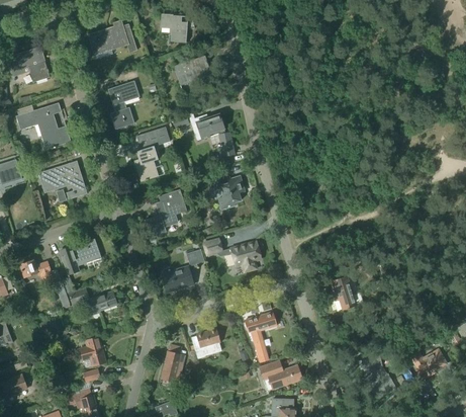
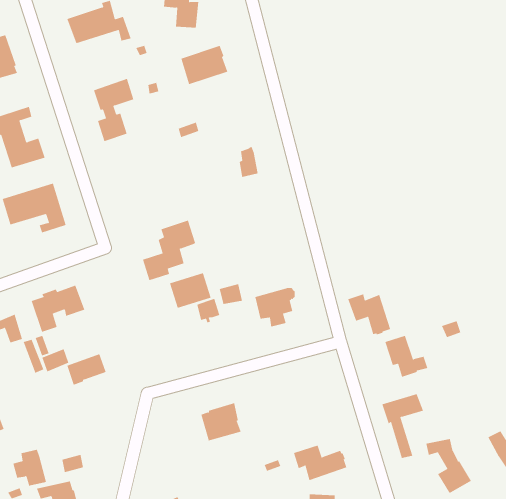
building: [188,112,225,140] -> none
building: [133,126,170,181] -> none
building: [211,174,242,209] -> none
building: none -> [348,293,391,335]
building: [161,264,193,291] -> [169,273,211,308]
building: [244,312,276,361] -> [381,394,424,458]
building: [80,336,106,364] -> [12,449,47,486]
building: [160,343,184,382] -> none

